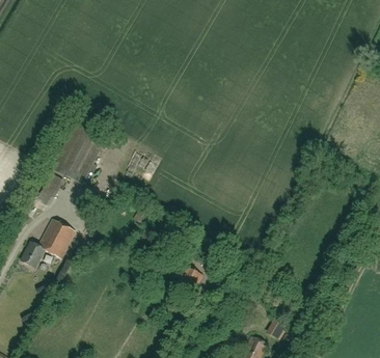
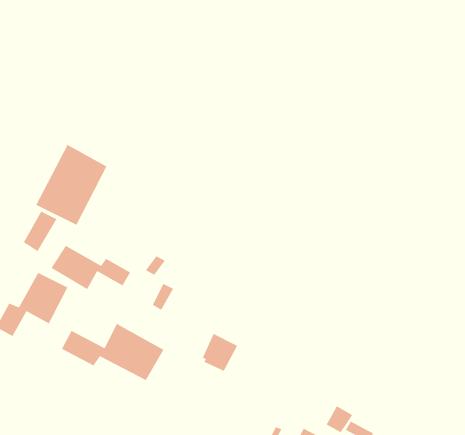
building: none -> [51,245,131,290]
building: none -> [61,323,165,381]

